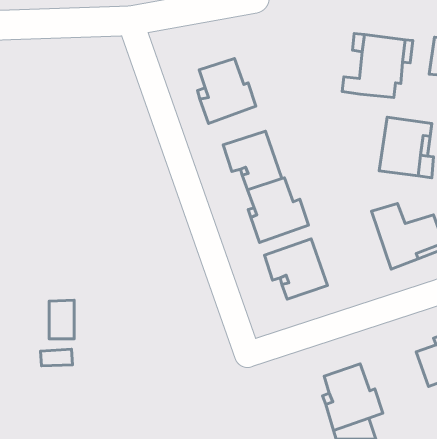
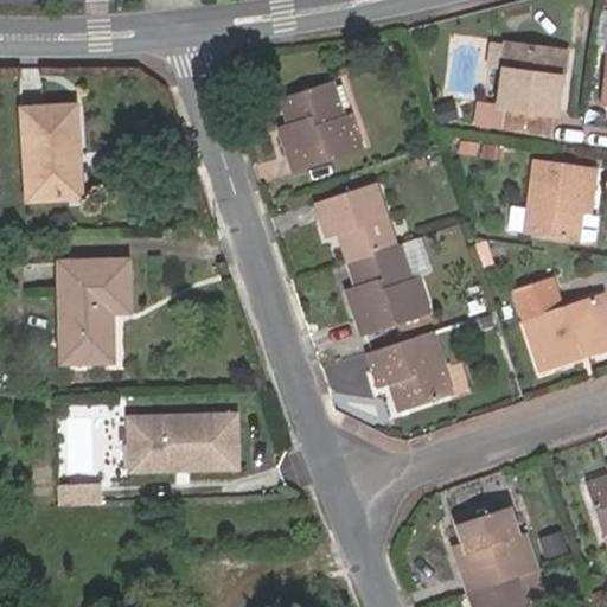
building: none -> [25,102,84,197]
building: none -> [62,256,133,358]
building: none -> [130,415,244,474]

